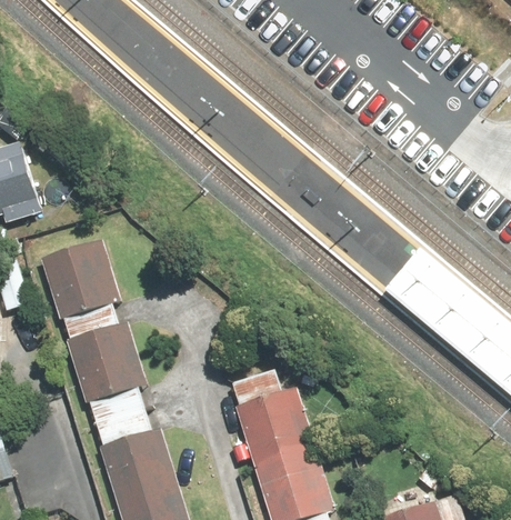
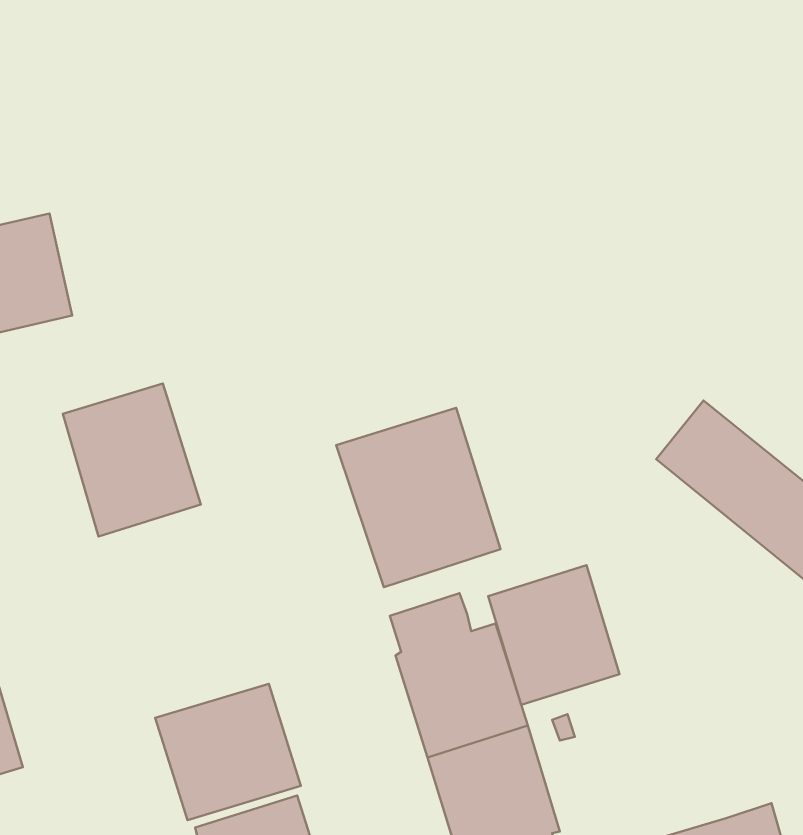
building: none -> [336,408,501,587]
building: [61,319,160,446] -> none
building: none -> [488,565,620,705]

